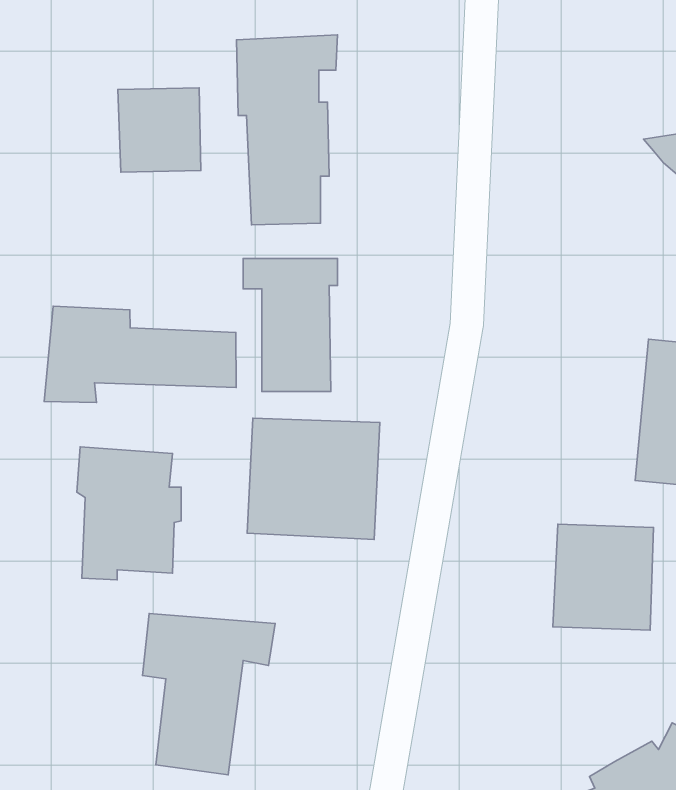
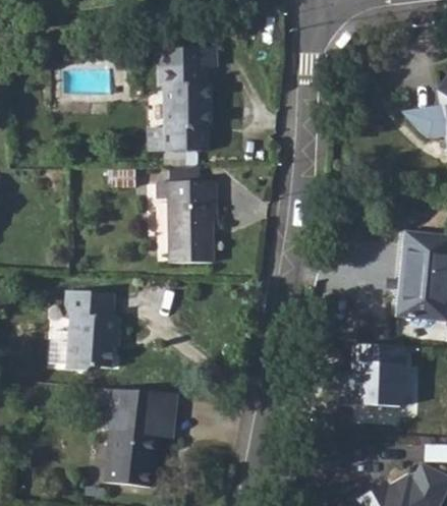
building: [118,88,201,172] -> none
building: [44,306,236,402] -> none
building: [247,418,380,540] -> none

